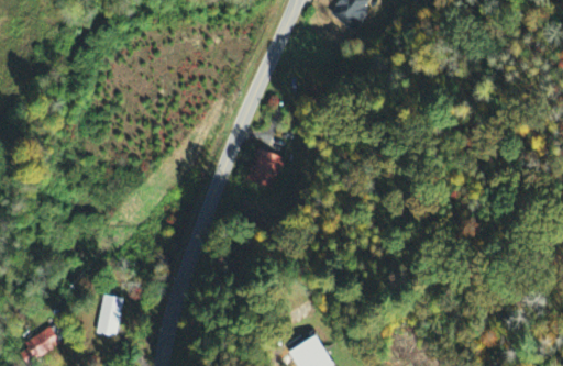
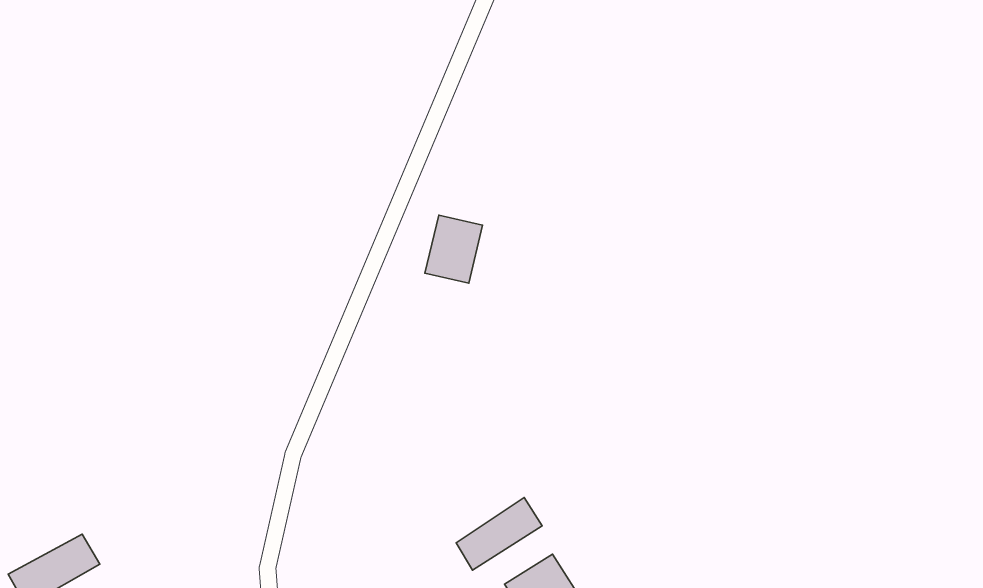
building: [95,293,122,336] -> none
building: none -> [456,498,542,570]

